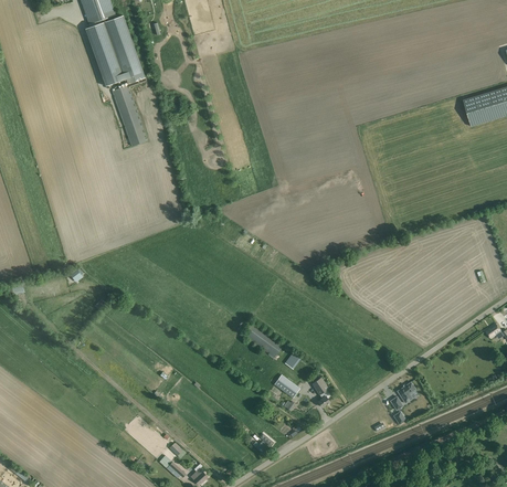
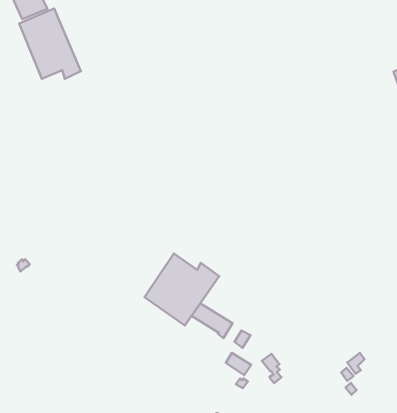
building: [113,85,148,146] -> none
building: none -> [144,254,219,325]

